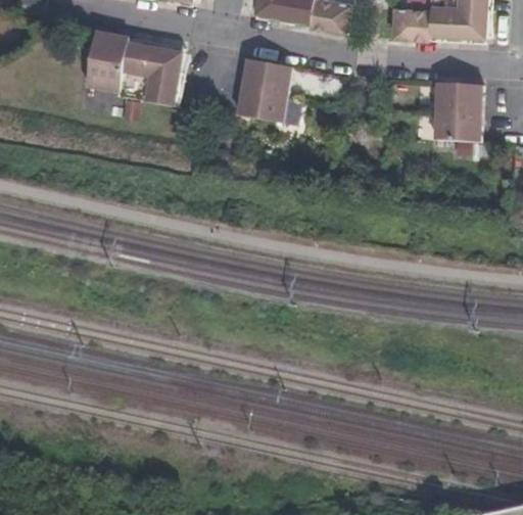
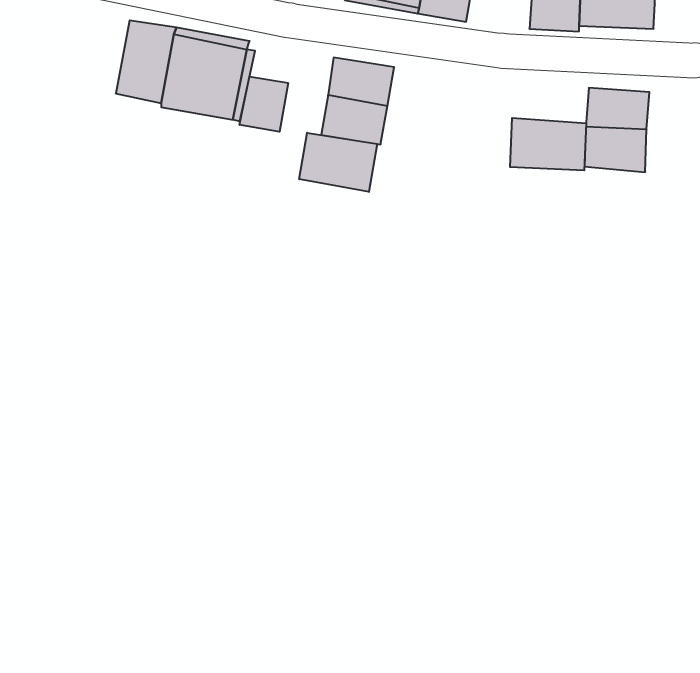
building: none -> [240,76,288,132]
building: none -> [510,118,586,170]
building: none -> [299,133,377,192]

